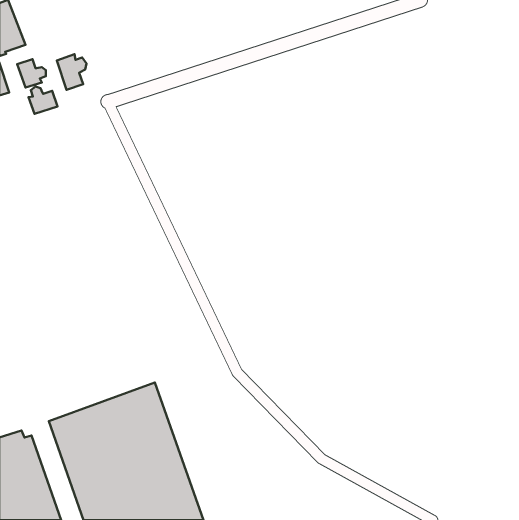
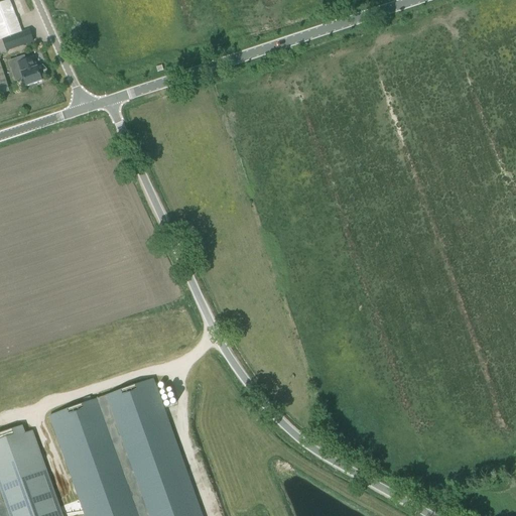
building: [57,54,87,90] -> none
building: [29,87,57,114] -> none

